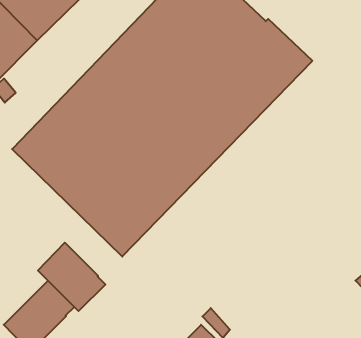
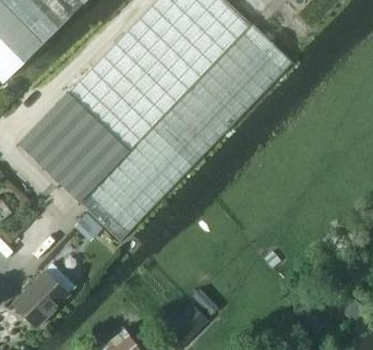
building: [38,243,105,311] -> none

